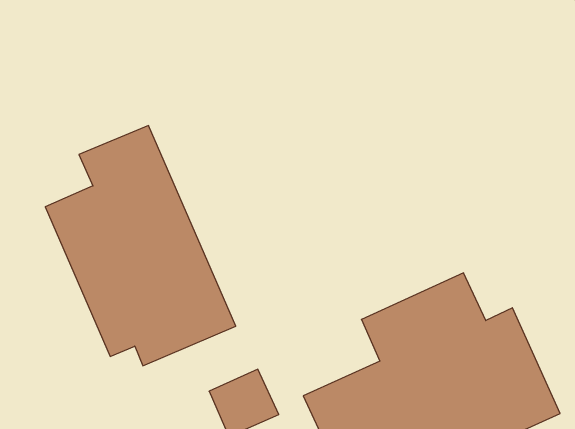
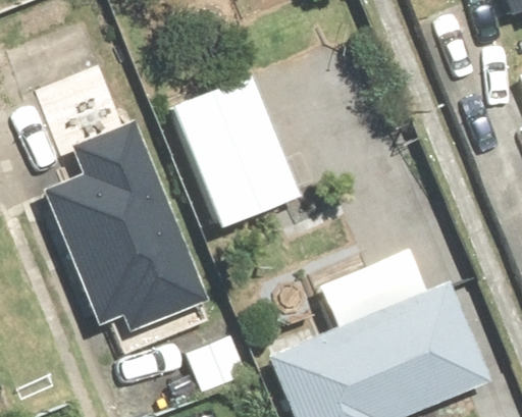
building: none -> [173,76,299,226]

